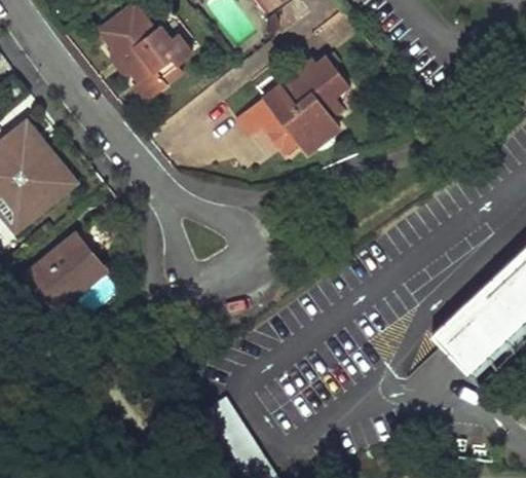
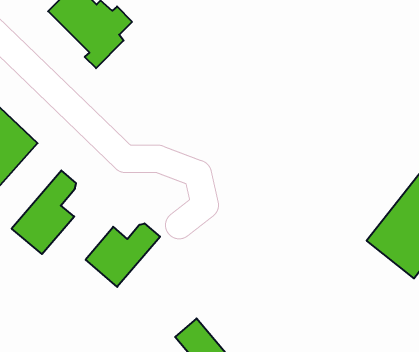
building: [231,57,347,158] -> none
building: none -> [86,223,160,287]

